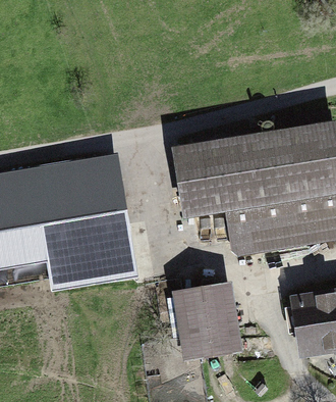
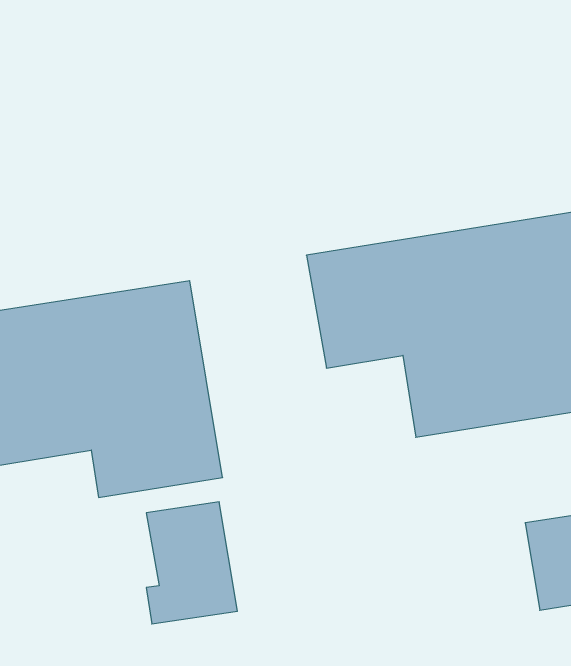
building: [182,286,233,354] -> [146,502,237,624]

